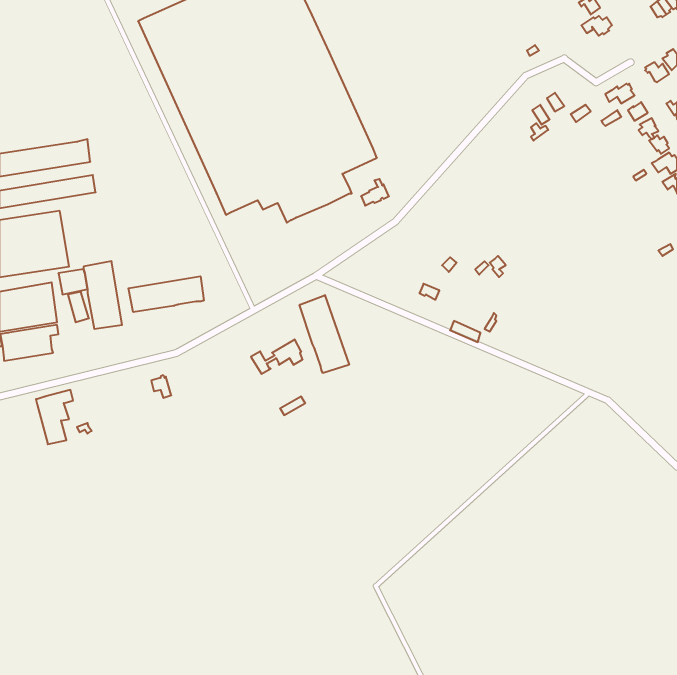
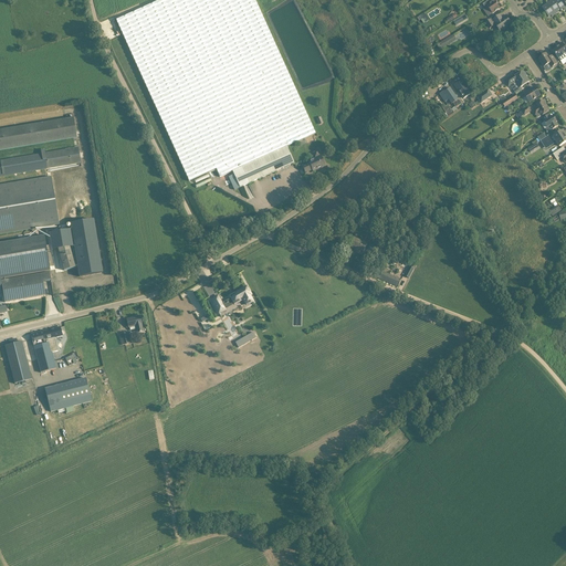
building: [128,276,204,312] -> none
building: [300,295,349,373] -> none
building: none -> [4,339,31,382]
building: none -> [44,376,91,410]

